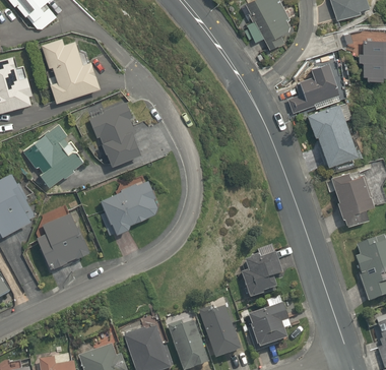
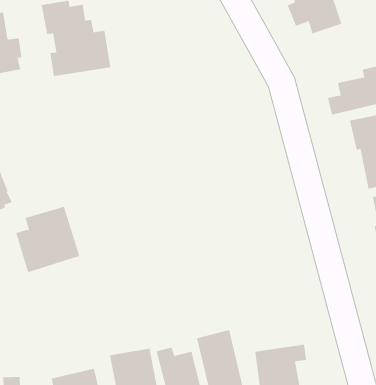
building: [87,102,143,168] -> none
building: [20,120,80,183] -> none
building: [99,180,162,239] -> none
building: [241,252,284,302] -> none

